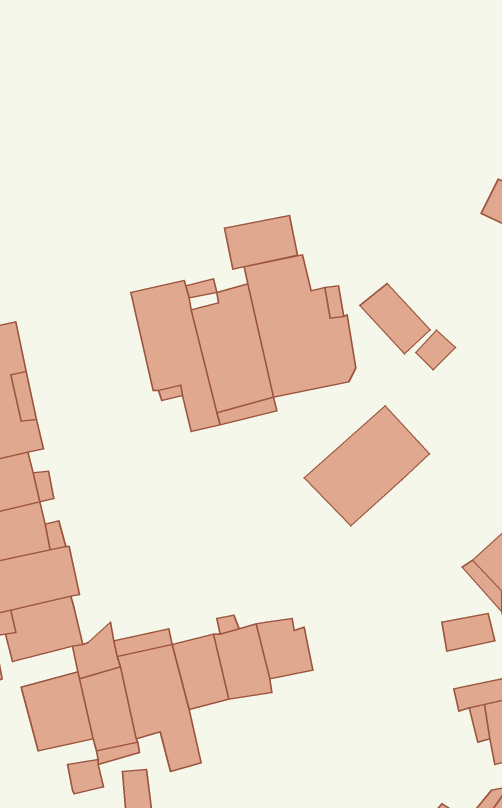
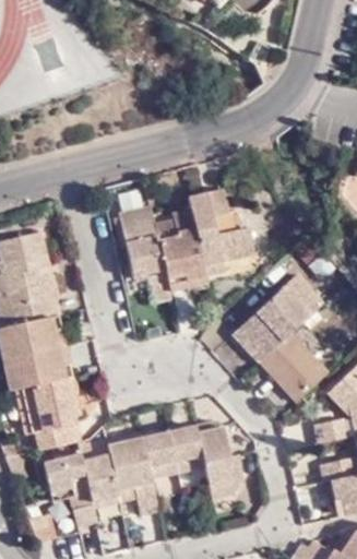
building: [224,216,297,269] -> none
building: [360,283,430,354] -> [277,273,322,318]
building: none -> [255,334,324,403]
building: none -> [204,452,249,506]

